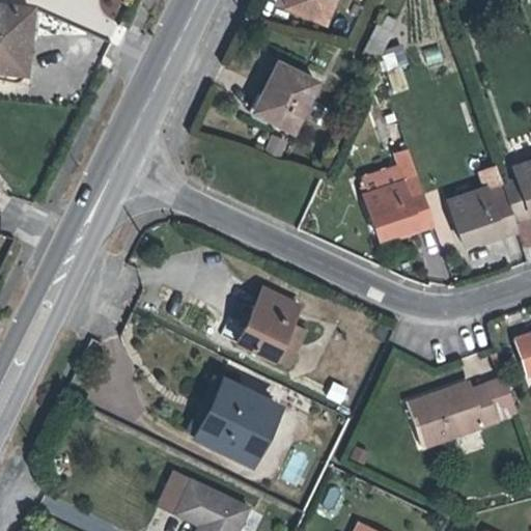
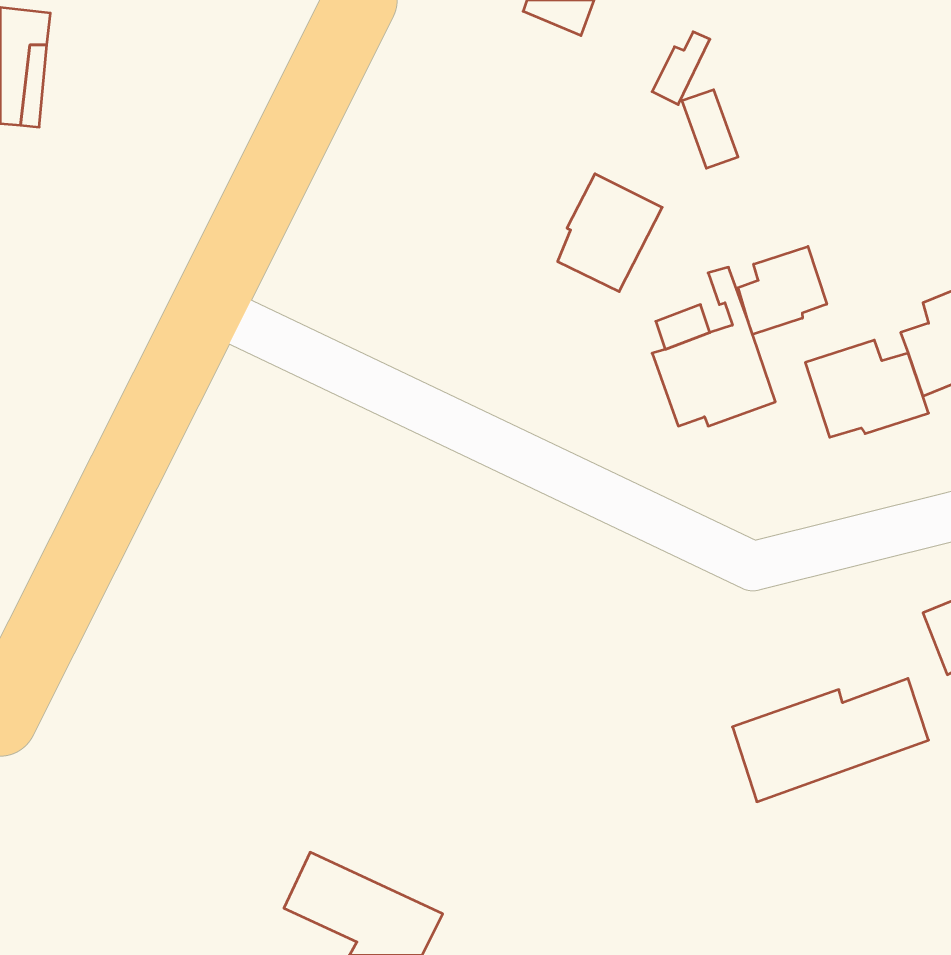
building: [258,63,316,129] -> [558,174,662,292]
building: none -> [738,246,827,335]
building: [240,290,305,365] -> none
building: [195,379,278,462] -> none

